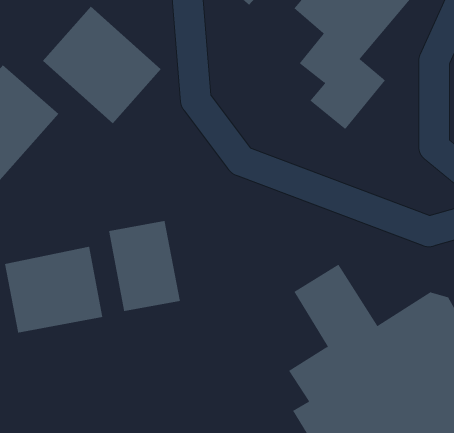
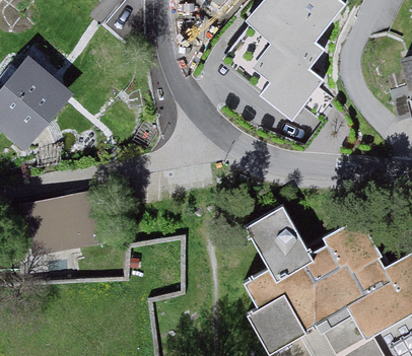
building: [42,6,162,124] -> none
building: [109,220,180,312] -> none

